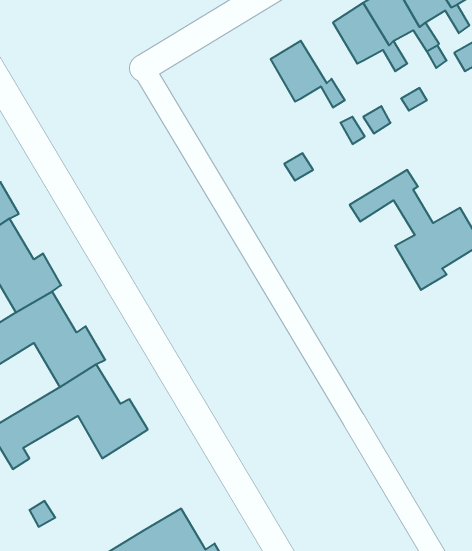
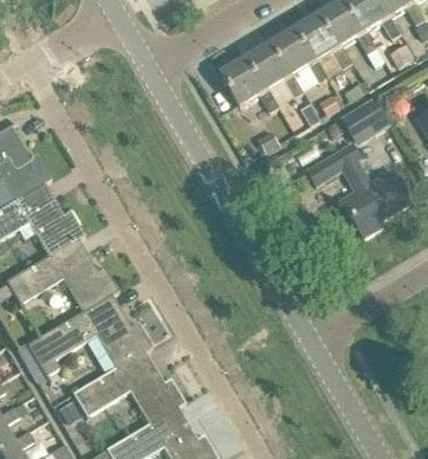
building: none -> [271,27,329,78]
building: none -> [222,56,280,108]
building: none -> [342,96,391,143]
building: none -> [72,349,184,422]

